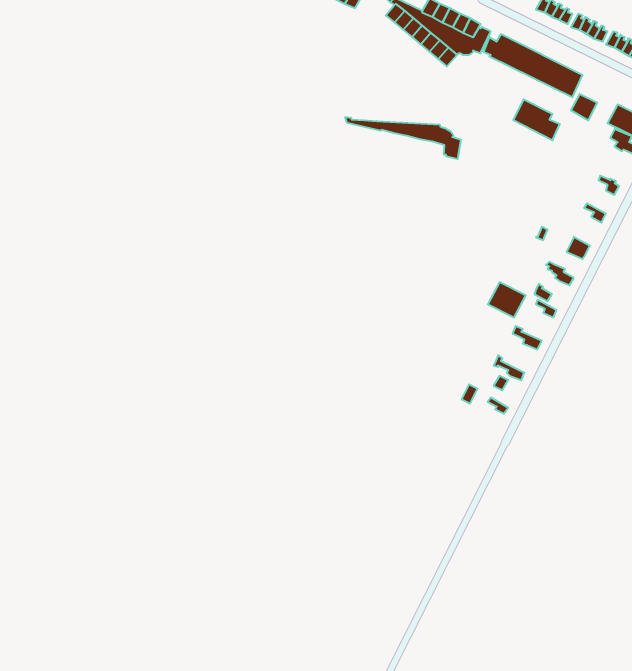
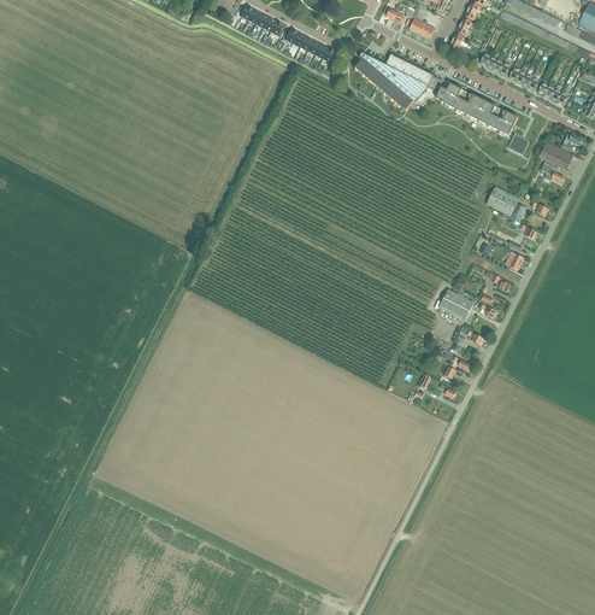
building: [513,99,560,140] -> [487,186,525,219]
building: [345,117,461,159] -> none

